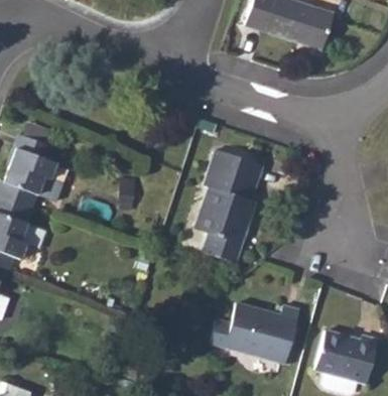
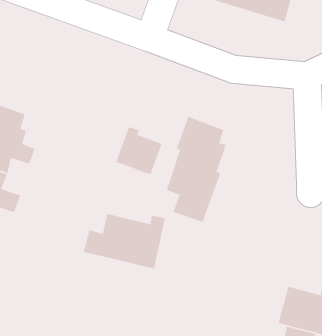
building: none -> [115,126,162,175]
building: [212,298,299,358] -> [83,213,166,269]

